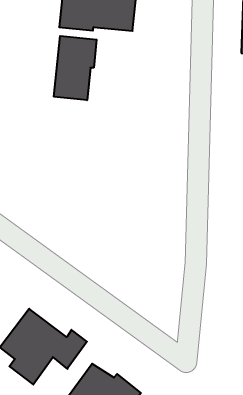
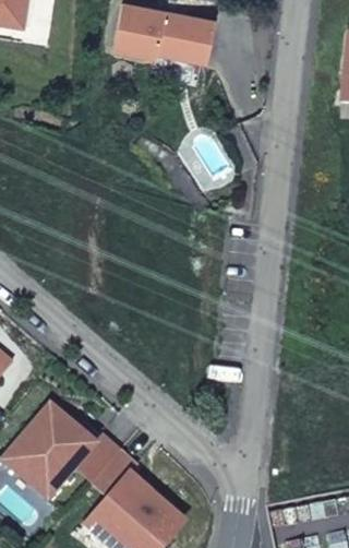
building: [54,36,97,100] -> none

